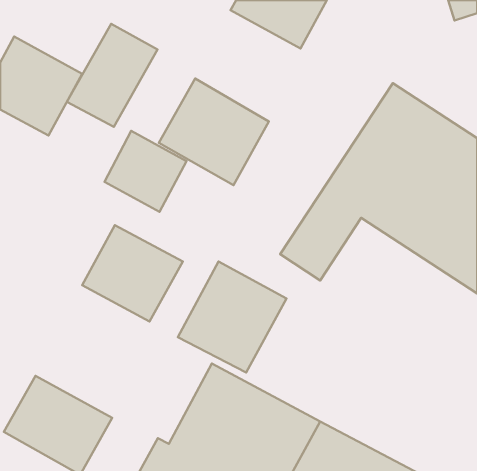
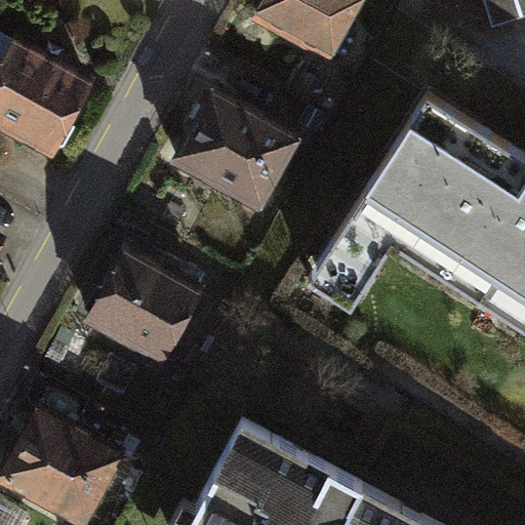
building: [67,24,157,127] -> none
building: [104,131,187,212] -> none
building: [178,262,286,372] -> none

